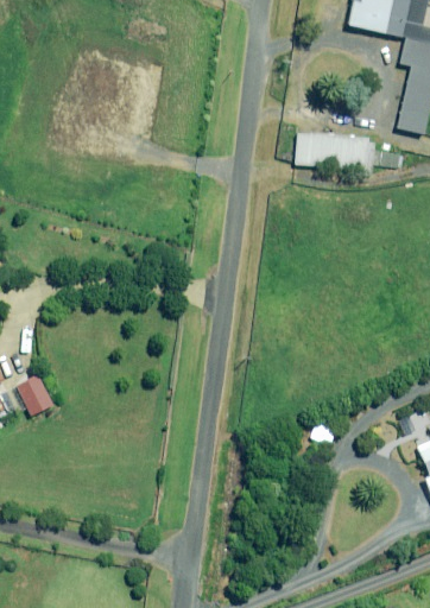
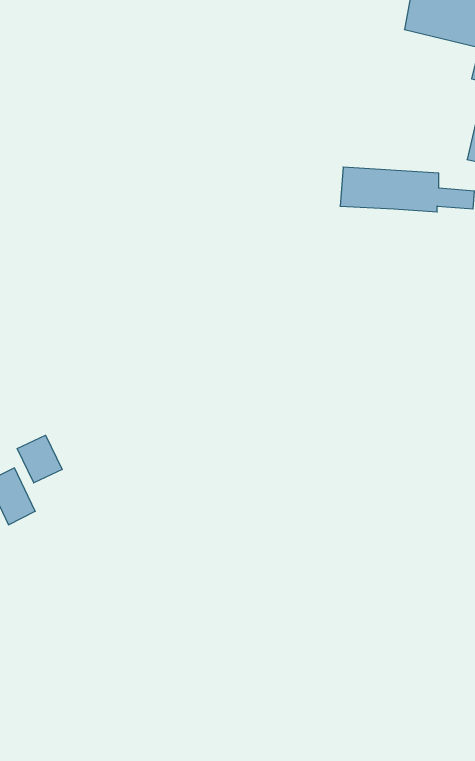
building: none -> [17,435,62,483]

